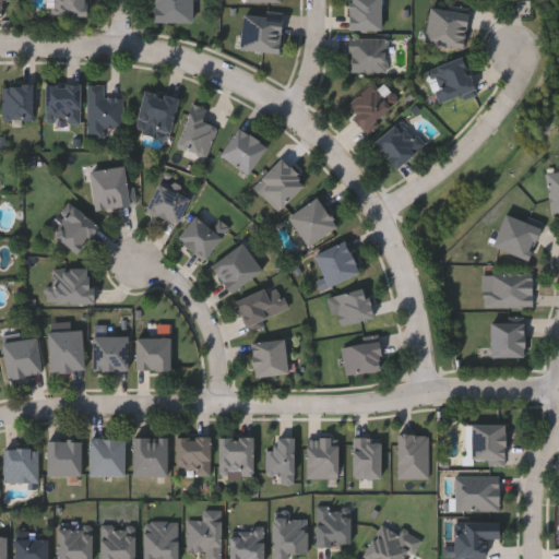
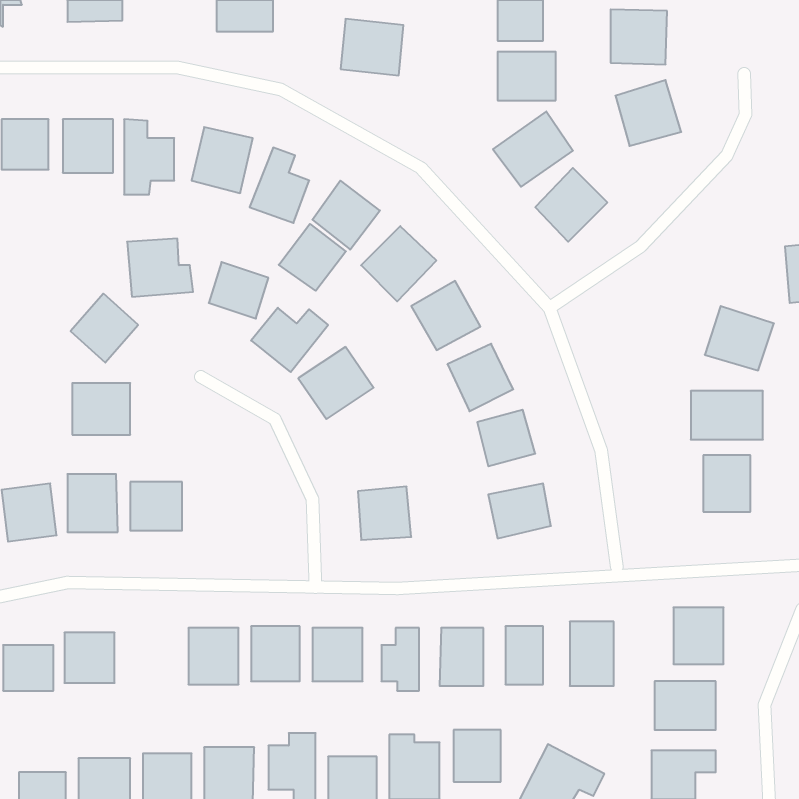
building: none -> [279,224,346,291]
building: [237,284,289,328] -> none
building: [135,338,170,371] -> none
building: [90,440,124,476] -> none

